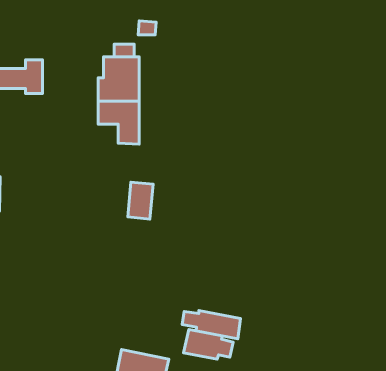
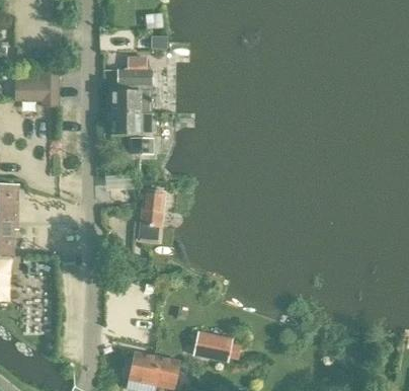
building: [182,311,241,339] -> none

